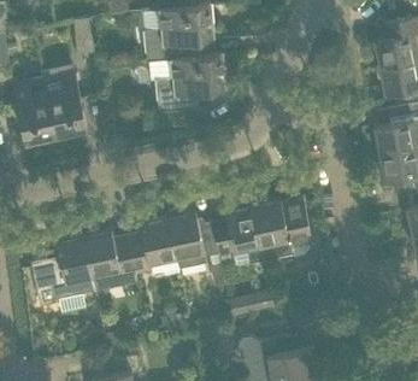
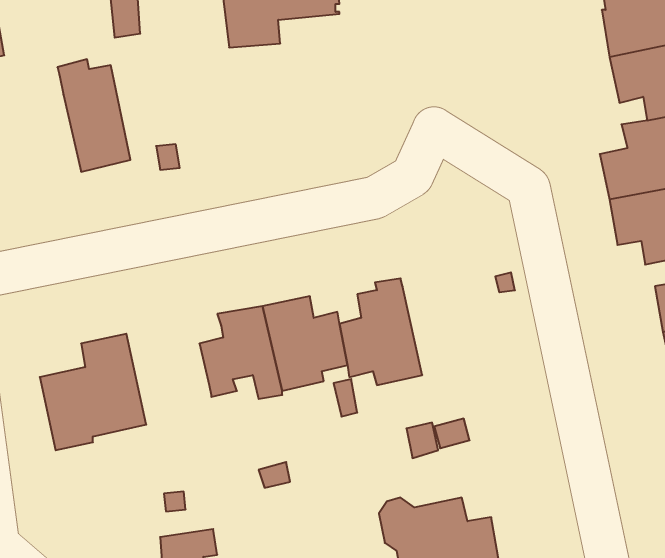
building: [147,54,226,113] -> none
building: [13,78,58,146] -> none
building: [253,199,313,262] -> none
building: [84,231,137,292] -> none

